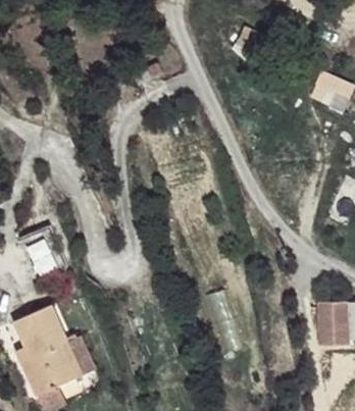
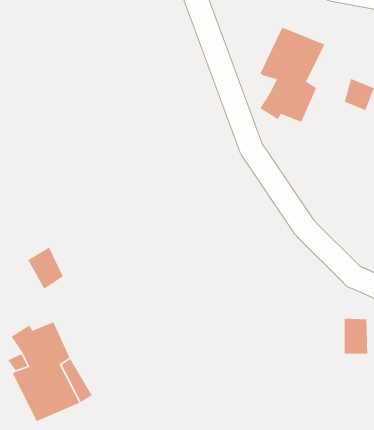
building: none -> [259,27,325,123]

